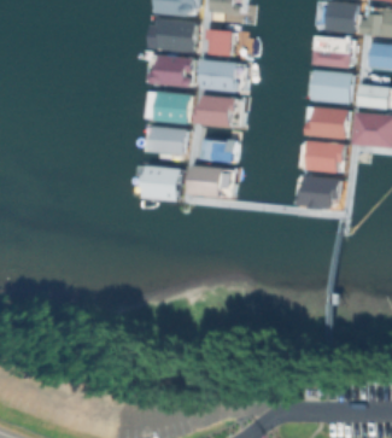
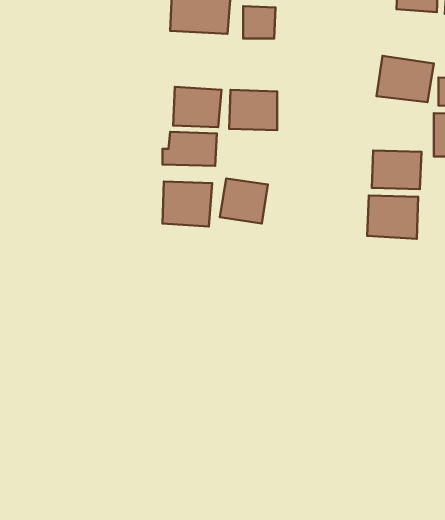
building: [309,35,353,68] -> none
building: [152,54,192,87] -> none
building: [198,59,236,90] -> none
building: [308,105,349,139] -> none

